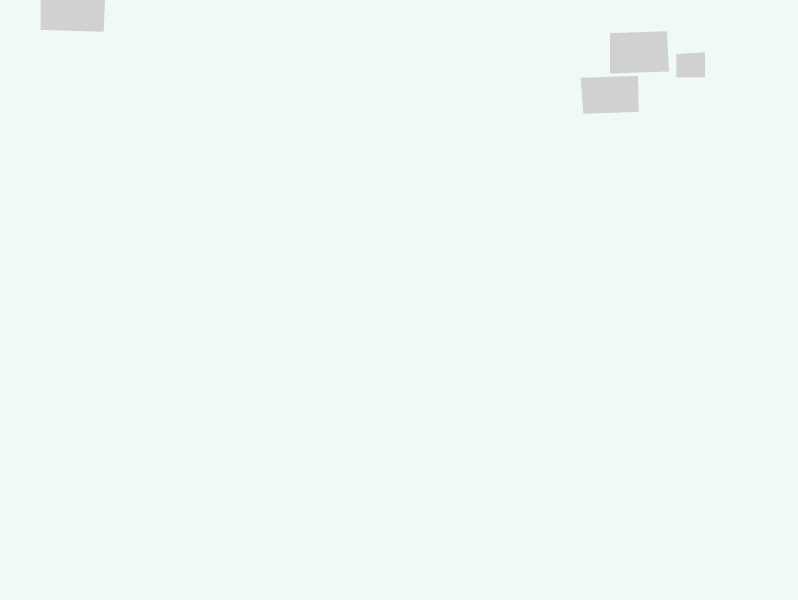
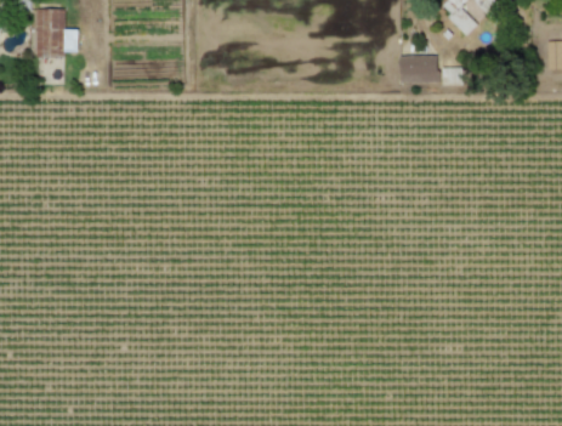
building: [580,75,640,114] -> none

